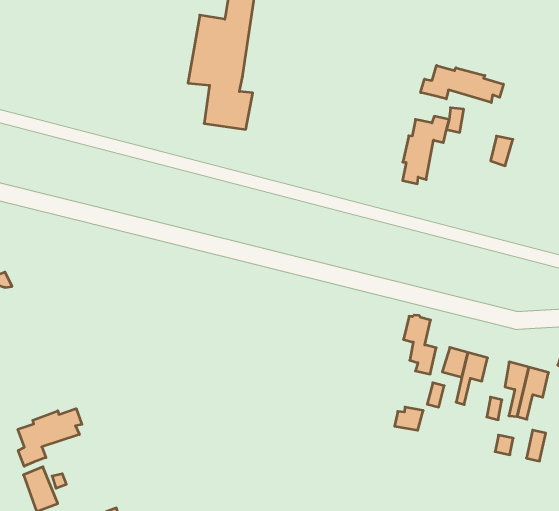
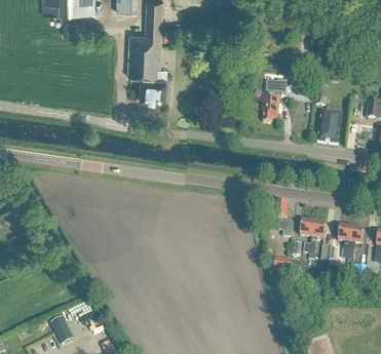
building: [421,65,503,103] -> none
building: none -> [317,110,342,144]
building: [18,409,82,466] -> none

